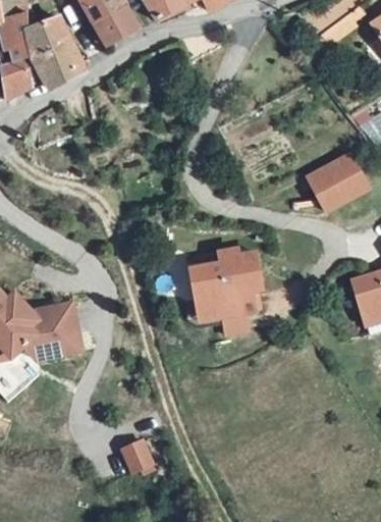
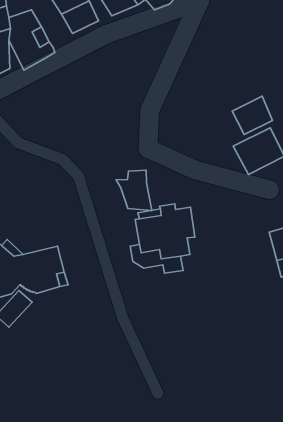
building: none -> [232,96,272,135]
building: none -> [116,170,152,210]
building: [121,431,158,472] -> none

